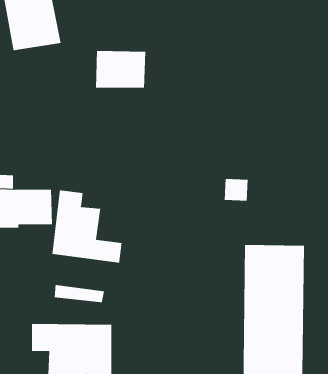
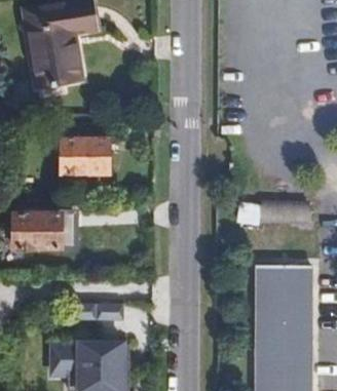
building: [95,50,146,88] -> [60,141,108,177]
building: [52,189,122,263] -> none

